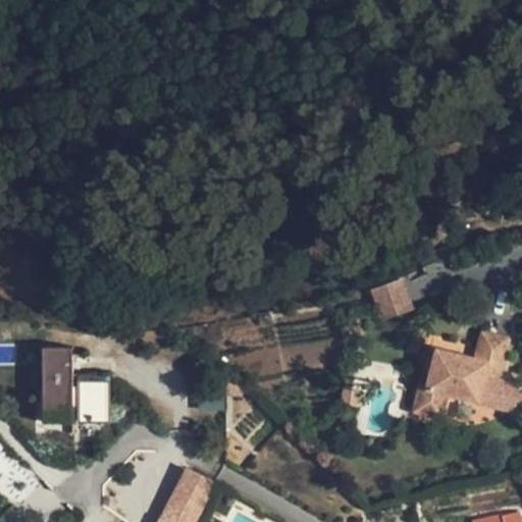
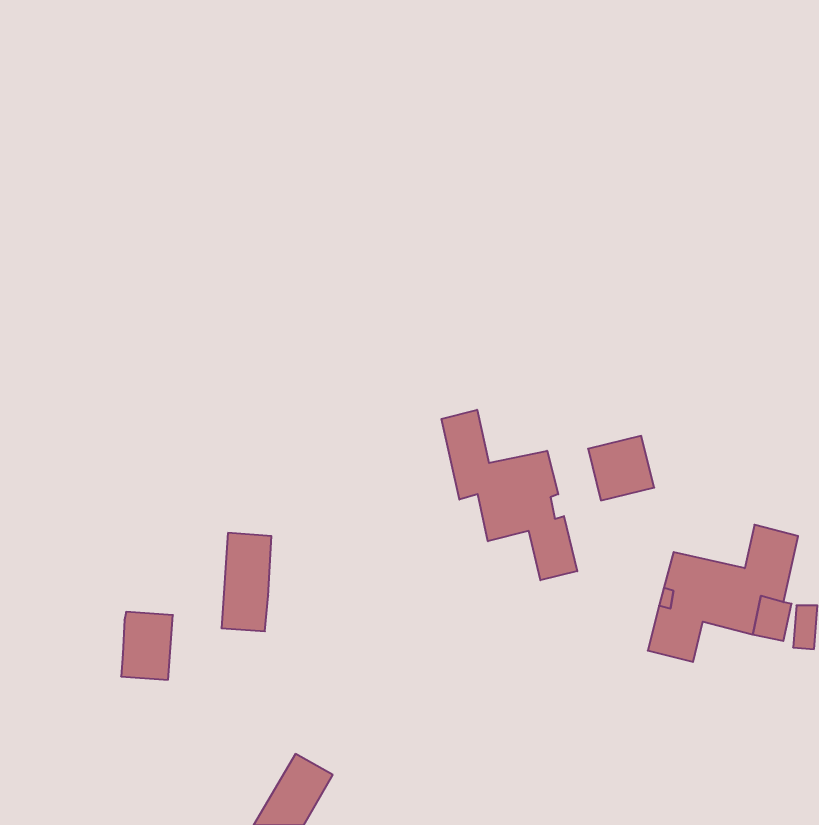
building: none -> [441,410,577,580]
building: [44,351,75,413] -> [221,533,271,631]

